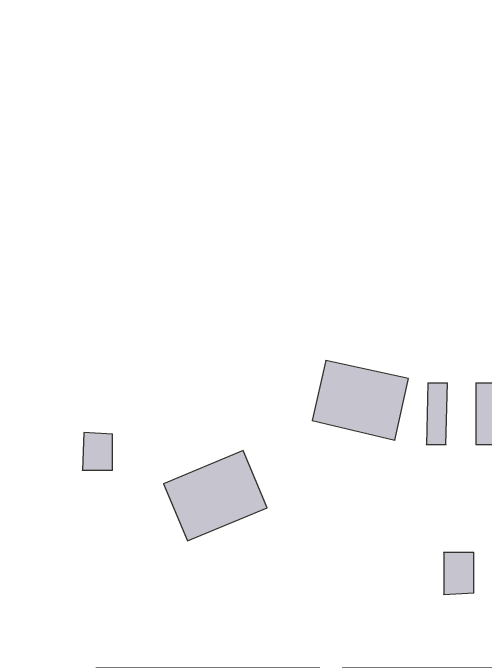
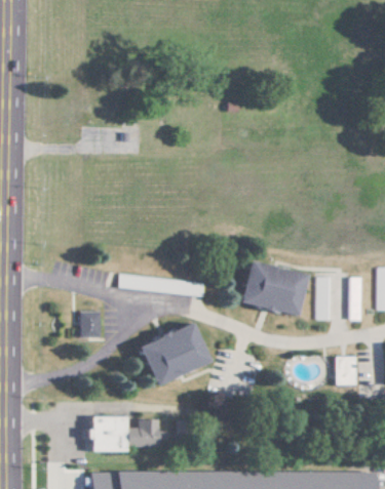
building: none -> [120,273,206,297]
building: [444,552,474,594] -> [336,357,356,385]
building: none -> [87,417,159,452]

